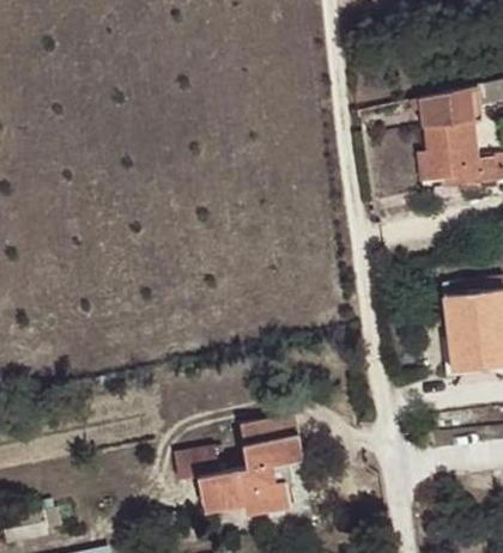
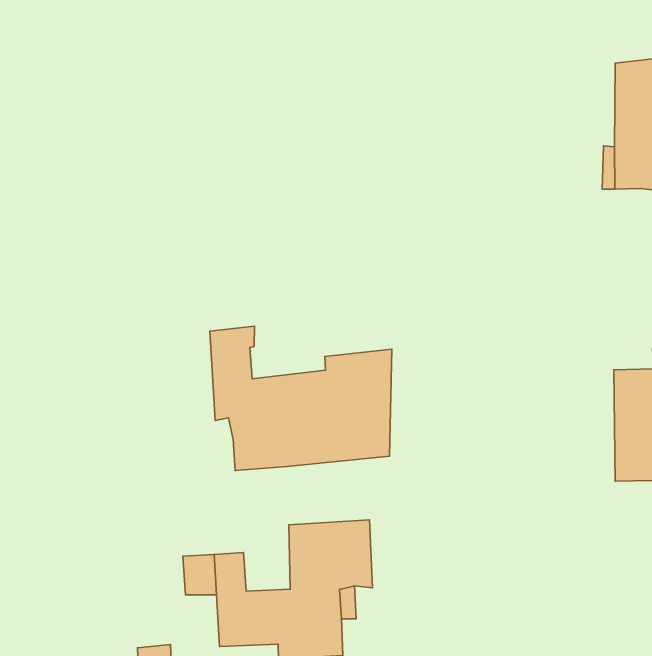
building: none -> [210,326,392,471]

